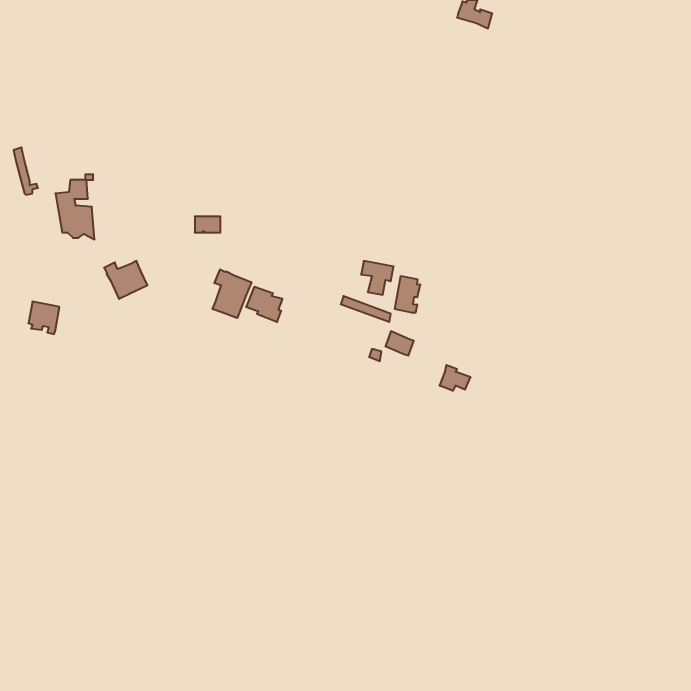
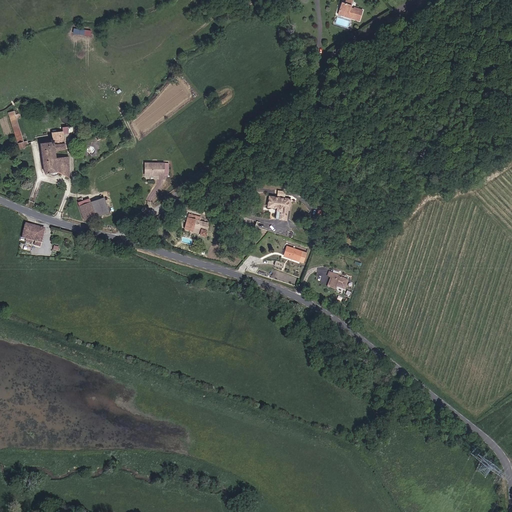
building: [213,269,251,318] -> none
building: [395,276,420,313] -> none

